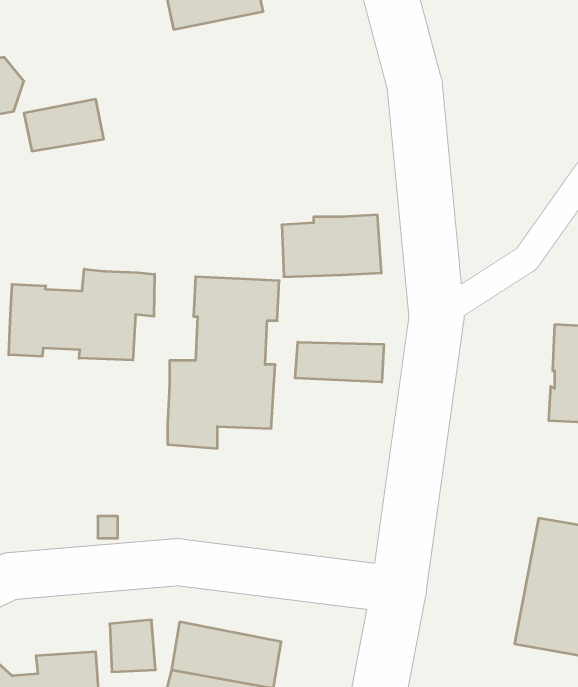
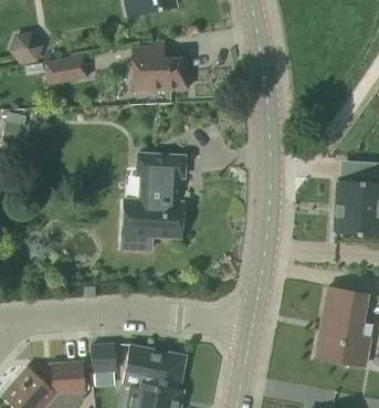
building: [282,215,381,277] -> [134,57,189,92]
building: [9,269,155,360] -> none
building: [295,342,384,382] -> none

